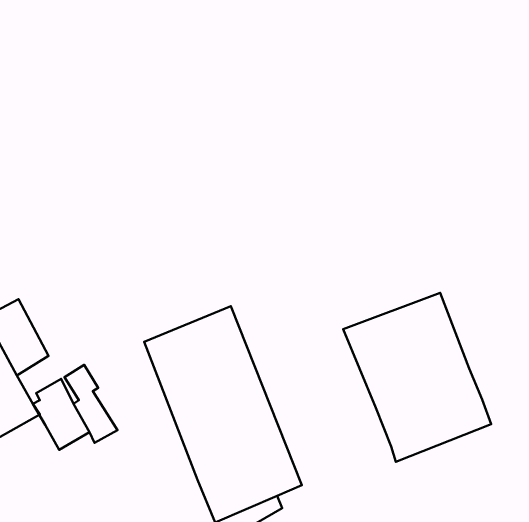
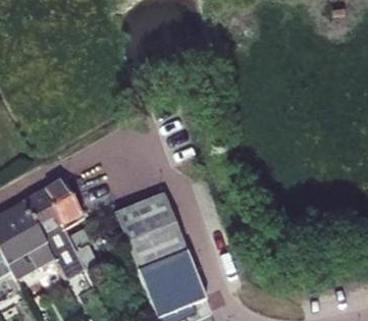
building: none -> [44,178,81,222]
building: [343,293,491,462] -> none

